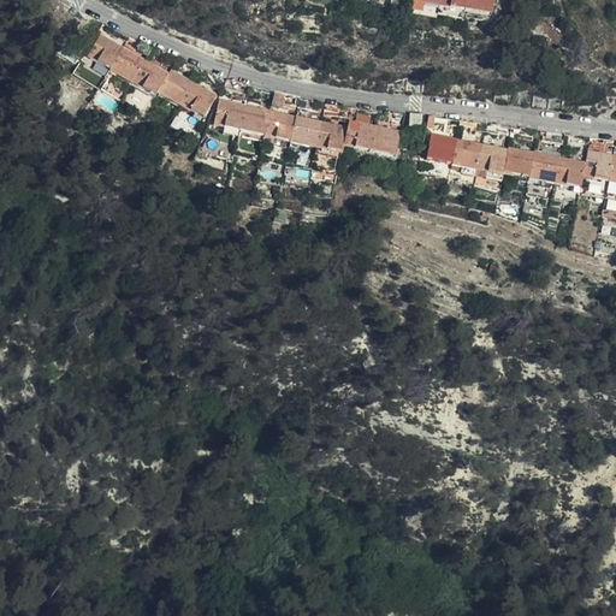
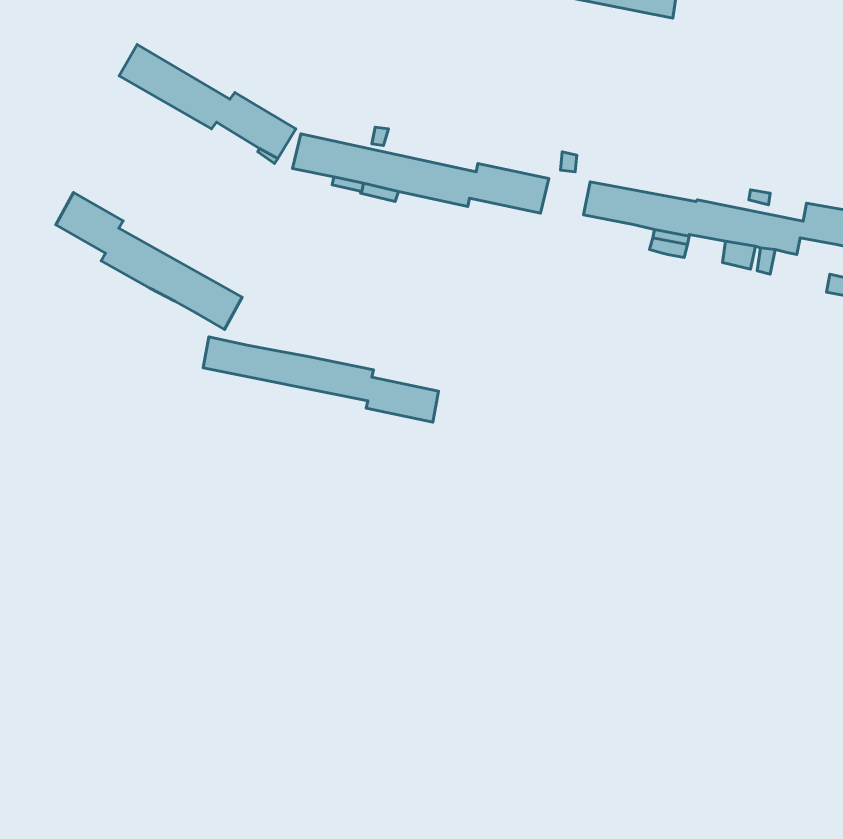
building: none -> [56,192,242,329]
building: none -> [203,337,439,422]

